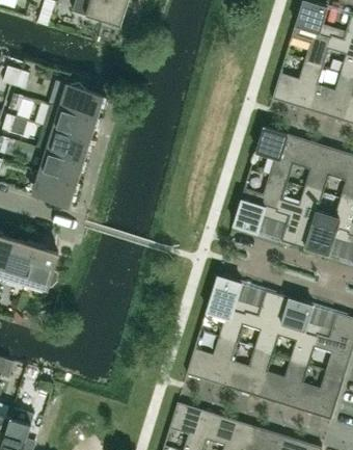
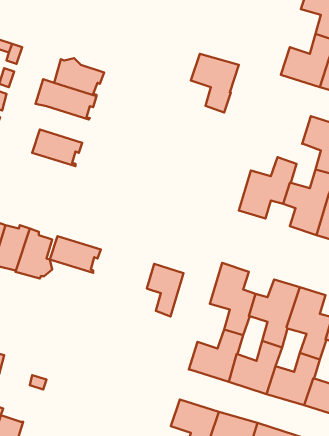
building: [36,126,92,162] -> none
building: [255,127,300,182] -> [191,54,239,113]
building: [32,171,80,206] -> [50,236,101,273]
building: none -> [147,264,183,316]

